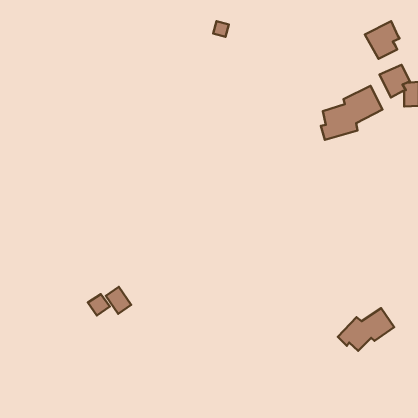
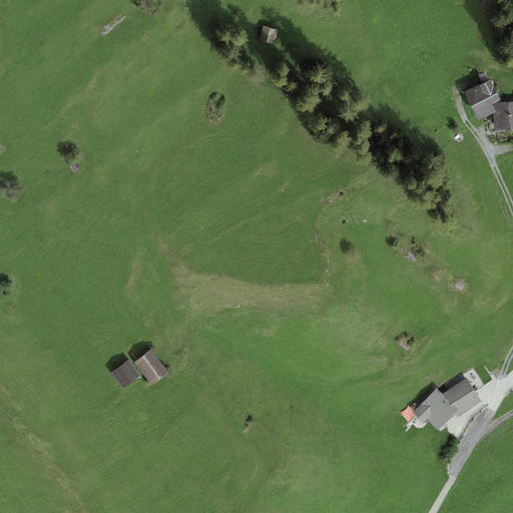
building: [365,21,400,59] -> none
building: [321,86,382,140] -> none

